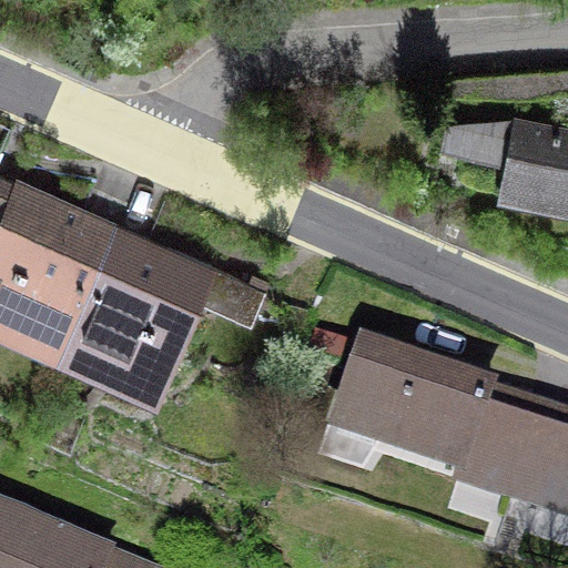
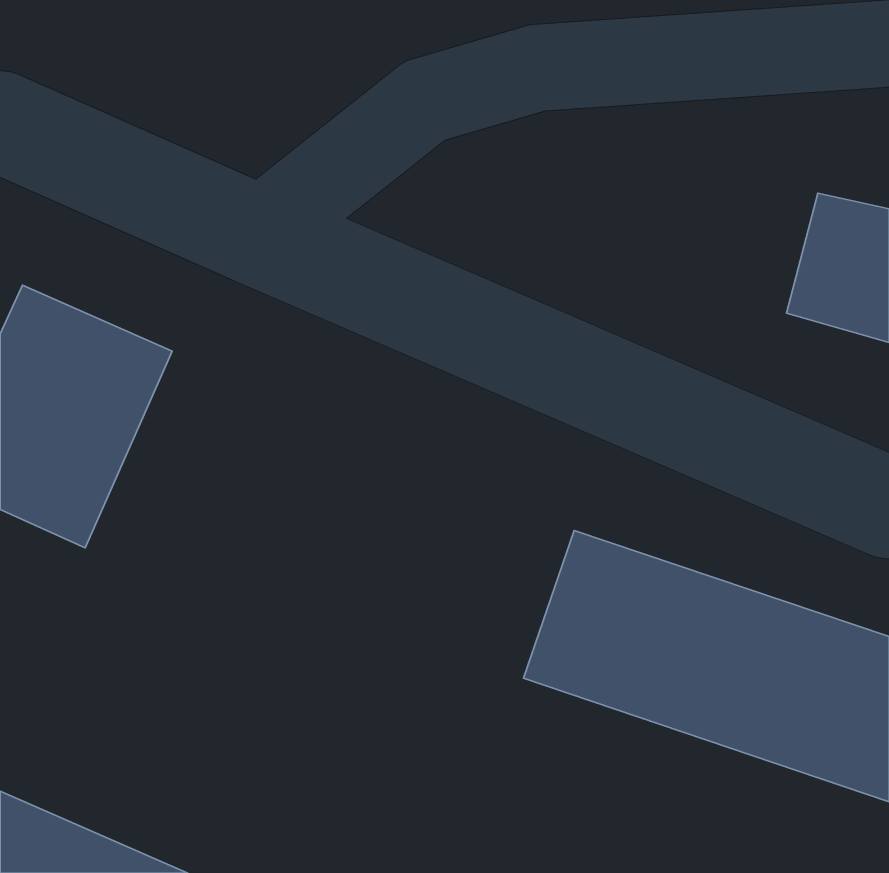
building: [54,224,212,395] -> none

